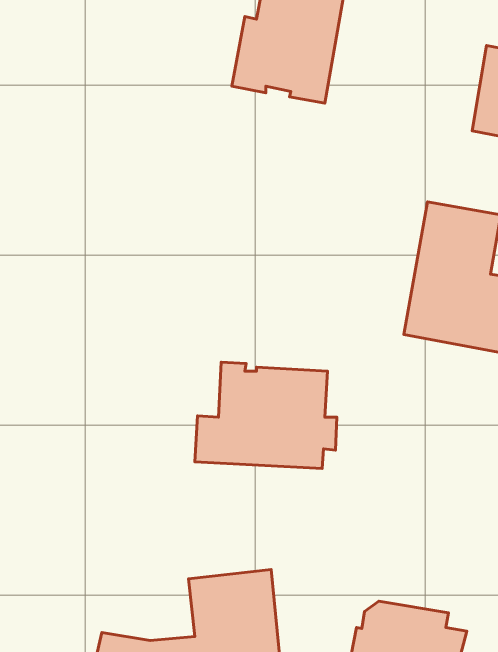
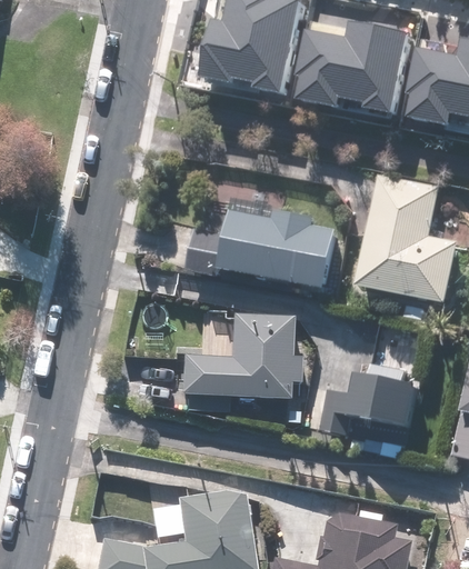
building: none -> [299,19,413,108]
building: none -> [187,210,336,290]
building: none -> [318,376,416,455]

